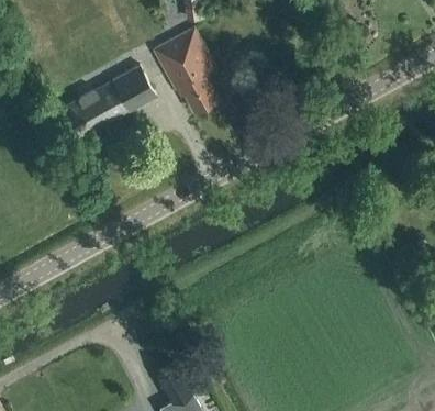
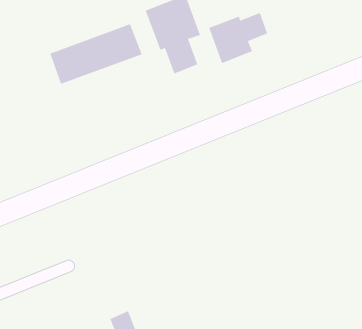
building: none -> [208,12,268,64]

